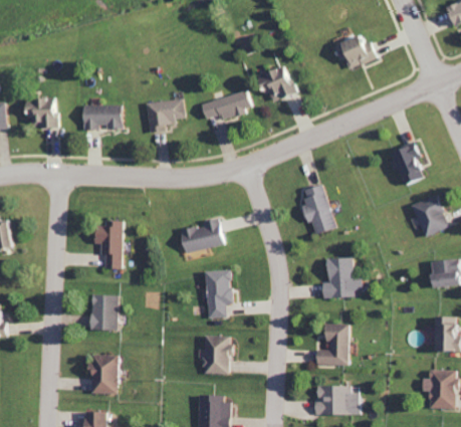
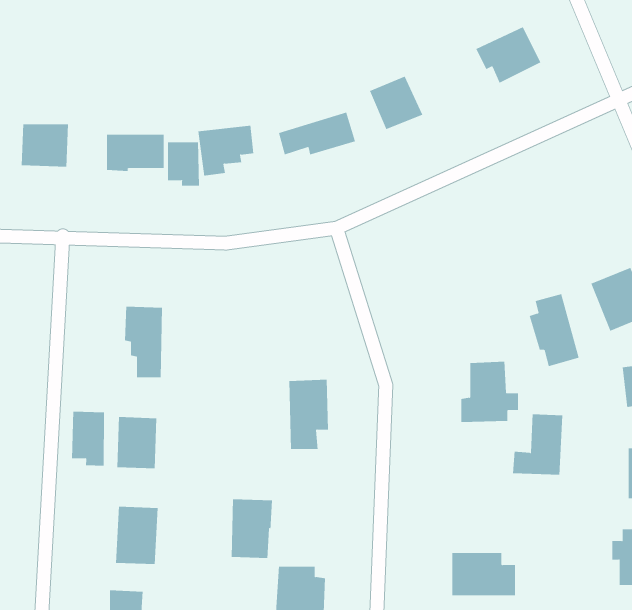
building: none -> [168,142,200,186]
building: [392,144,427,186] -> none
building: [300,185,334,234] -> [529,294,580,367]
building: [181,219,225,252] -> none
building: none -> [71,411,105,466]
building: [316,324,351,365] -> [512,414,563,475]
building: [204,335,232,375] -> [231,499,273,559]

